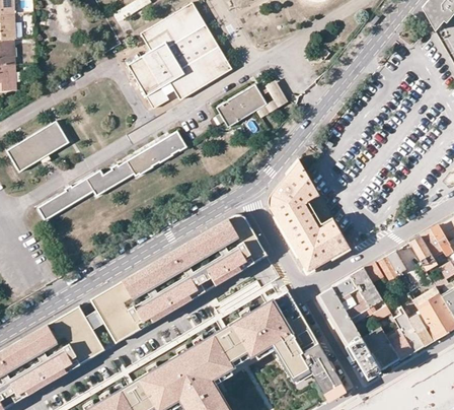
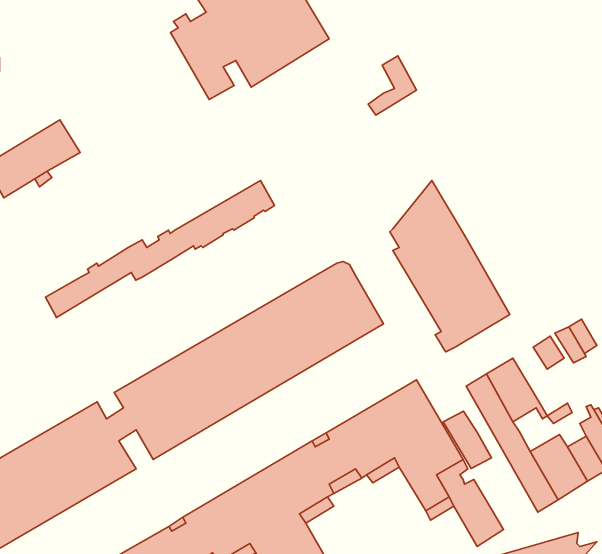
building: [216,85,267,128] -> none
building: [37,132,186,221] -> [46,180,274,318]
building: [351,270,382,308] -> [443,411,491,469]

